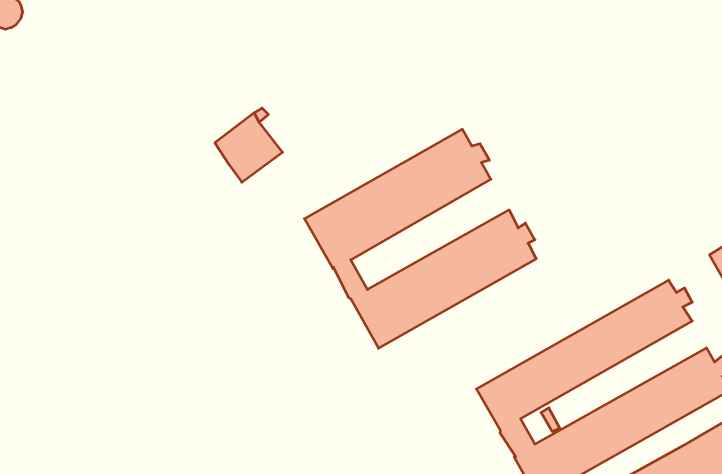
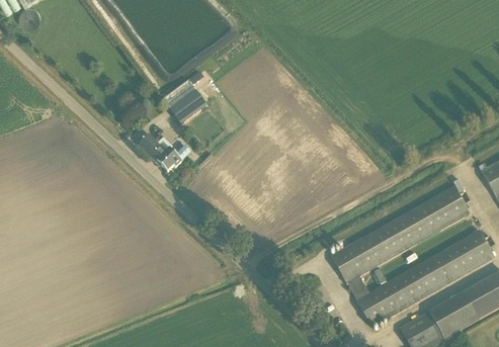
building: [304,129,536,348] -> none
building: none -> [139,135,183,171]

